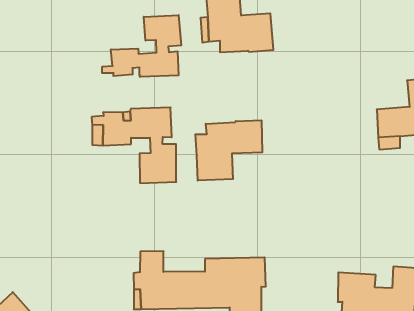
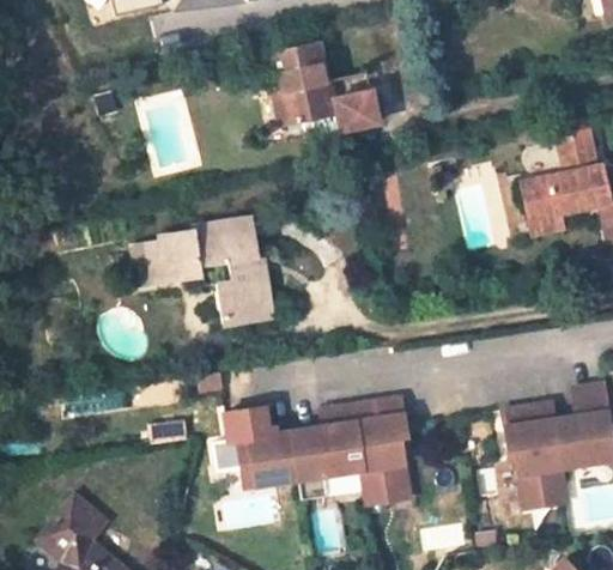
building: [102,15,181,77] -> none
building: [195,120,262,181] -> none

